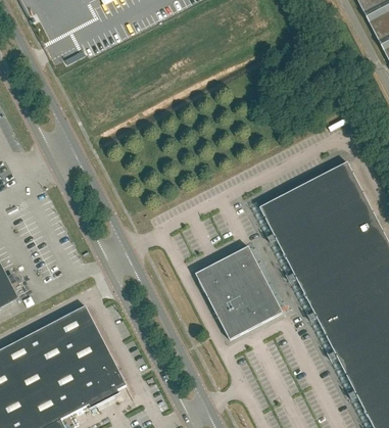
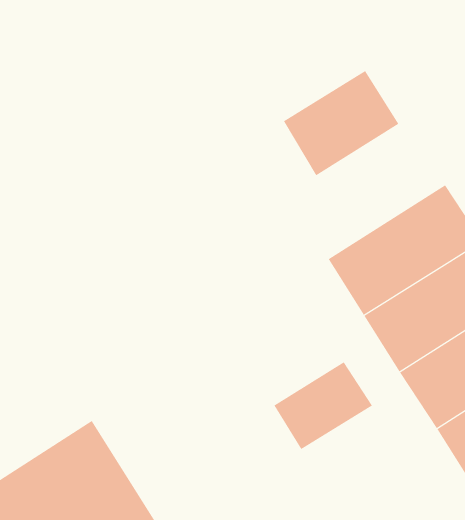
building: none -> [283,70,399,176]
building: [196,245,265,304] -> none

